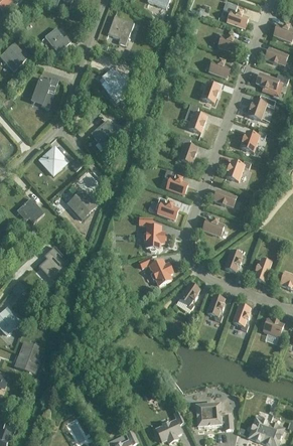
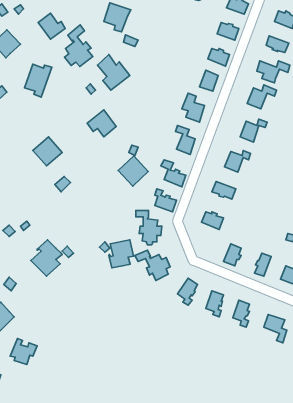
building: none -> [64,25,93,67]
building: [67,190,97,219] -> [118,156,148,186]
building: [16,198,44,224] -> none
building: none -> [109,240,133,268]

